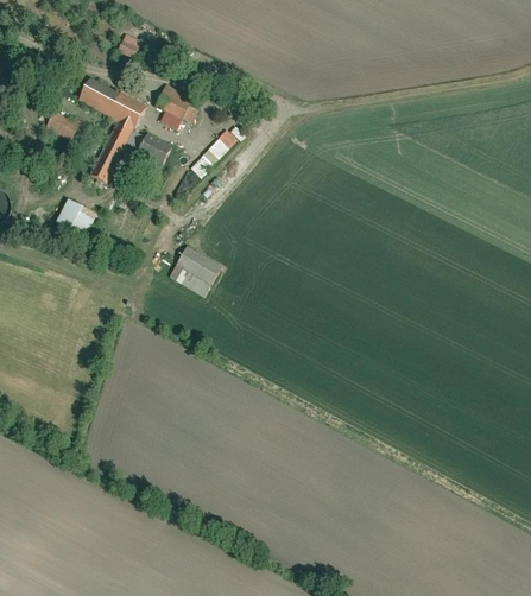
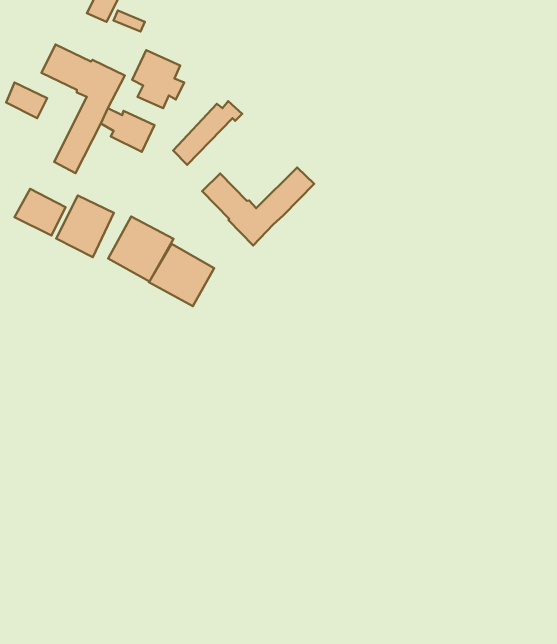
building: none -> [202,167,314,246]
building: none -> [56,195,114,257]
building: none -> [108,217,173,282]

